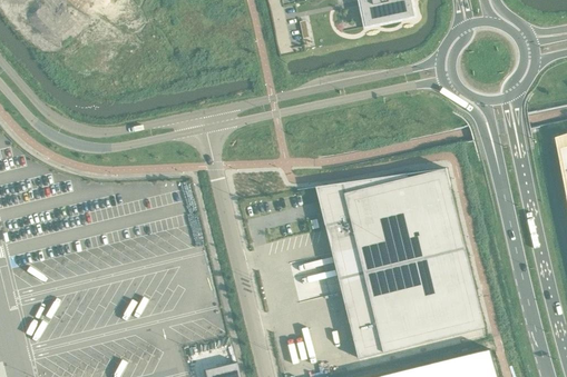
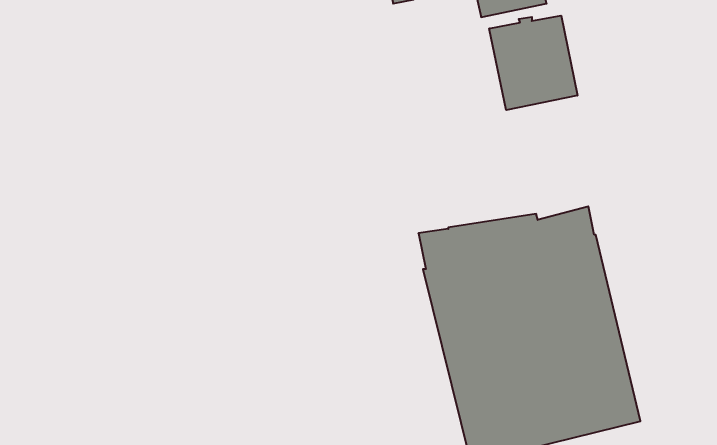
building: none -> [489,16,577,110]

